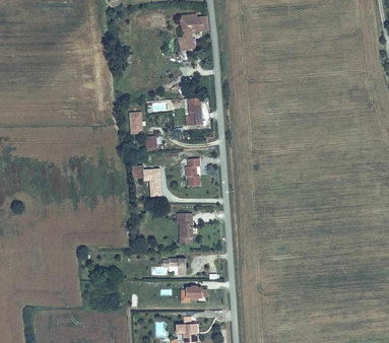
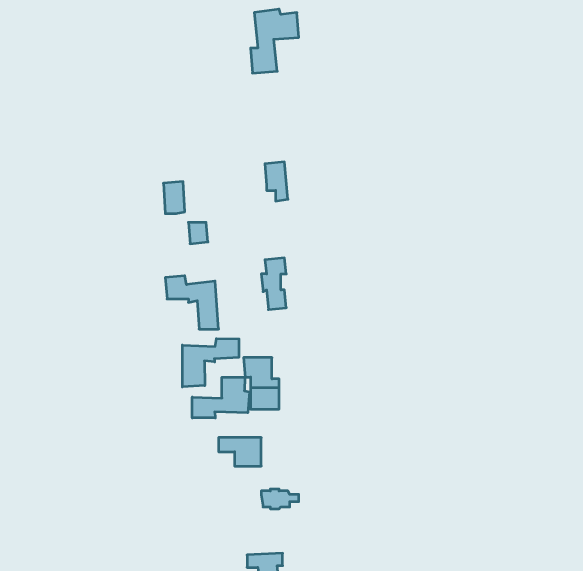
building: none -> [182,339,239,387]
building: none -> [192,377,249,418]

